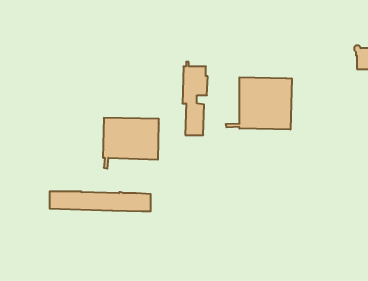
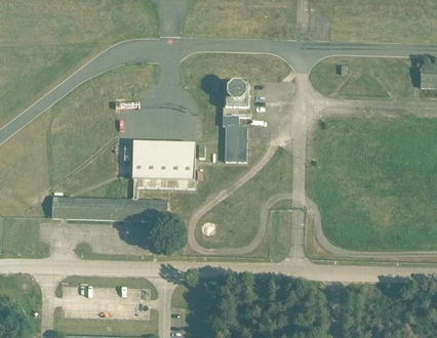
building: [226,77,292,130] -> none
building: [50,191,151,211] -> [52,198,167,220]

